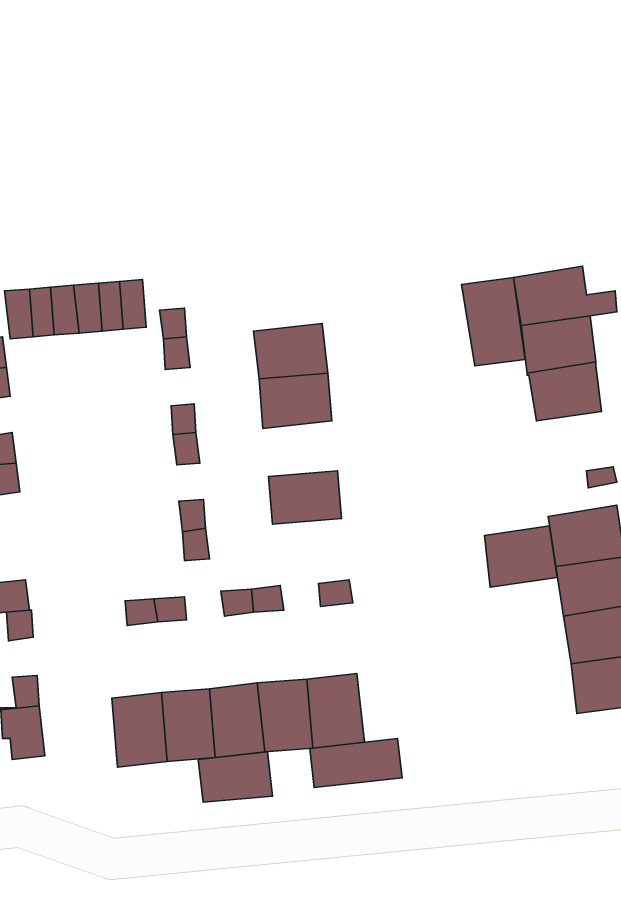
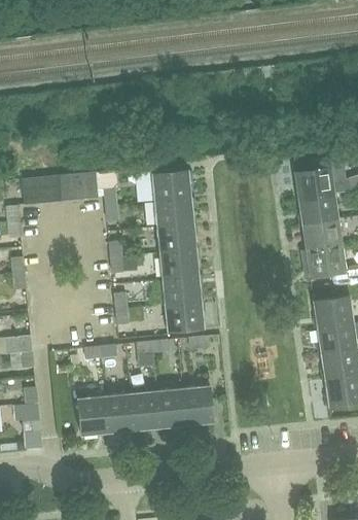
building: none -> [150,170,190,201]
building: [462,278,525,366] -> none
building: none -> [158,249,199,279]
building: none -> [164,302,204,332]
building: [484,526,557,587] -> [306,244,345,277]
building: [310,739,402,788] -> none
building: [198,752,273,802] -> none

